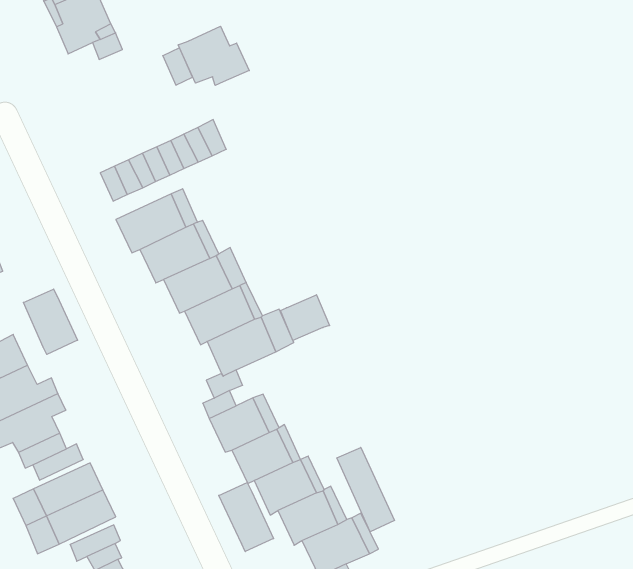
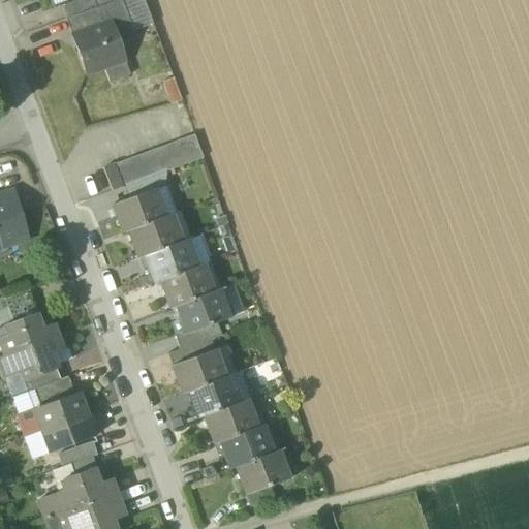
building: [178,26,249,85] -> none
building: [23,289,78,354] -> none
building: [281,295,330,340] -> none
building: [337,447,395,532] -> none
building: [219,482,274,552] -> none

